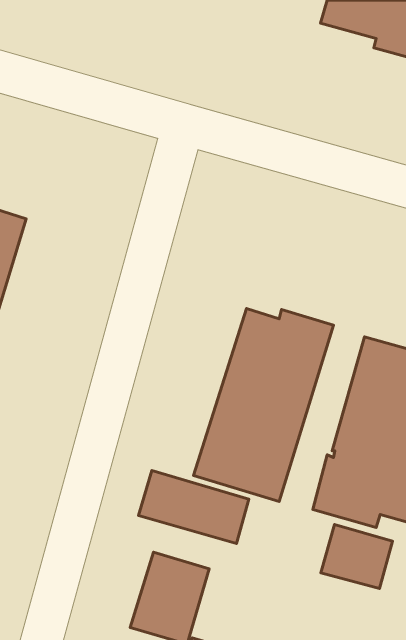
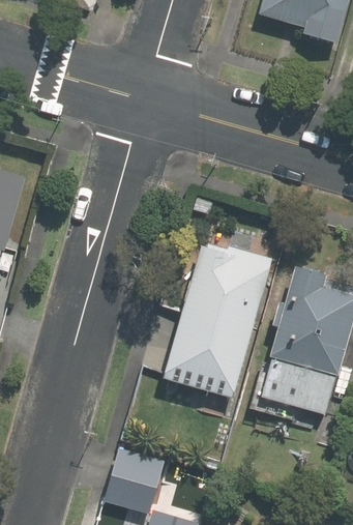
building: [138,470,249,544] -> none
building: [321,525,392,588] -> none

